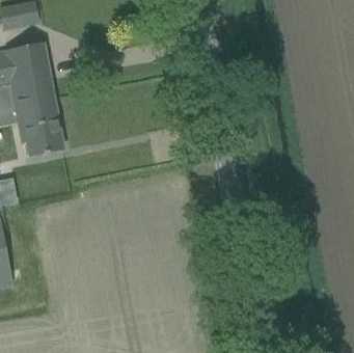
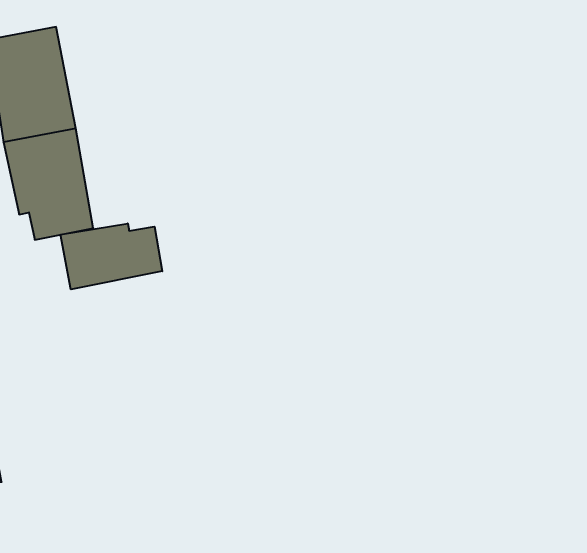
building: none -> [61,223,162,289]

